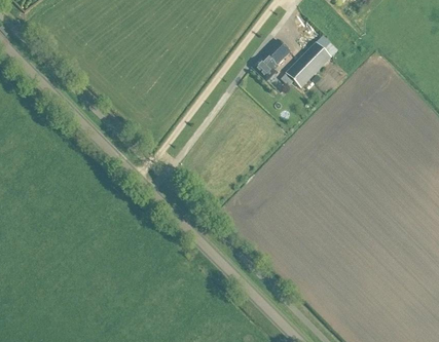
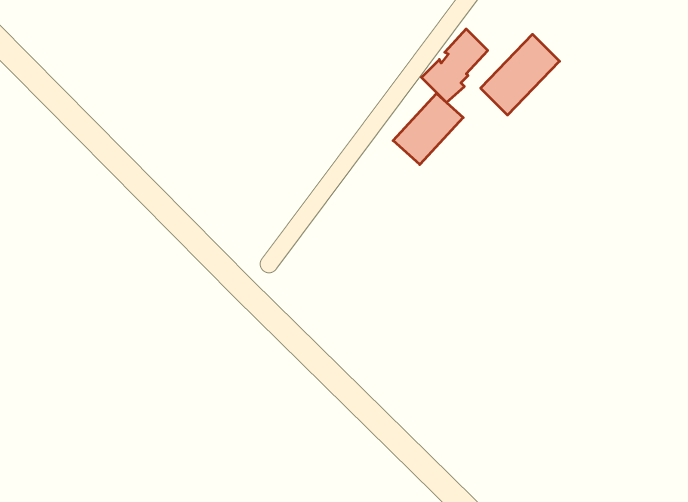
building: none -> [393,94,463,165]

